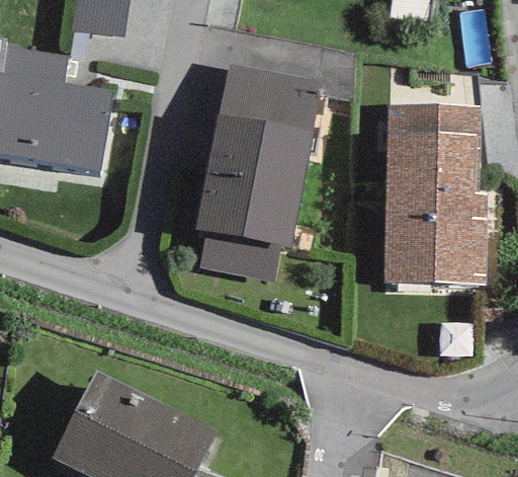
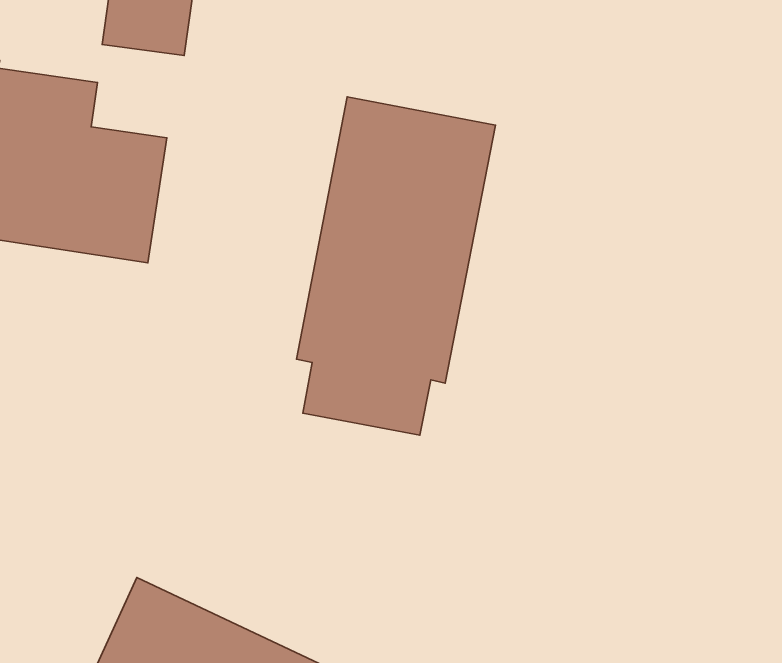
building: [384,107,486,285] -> none

